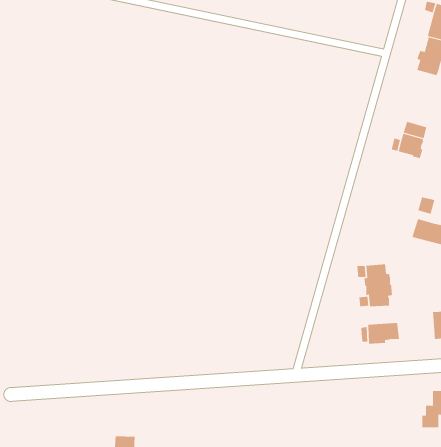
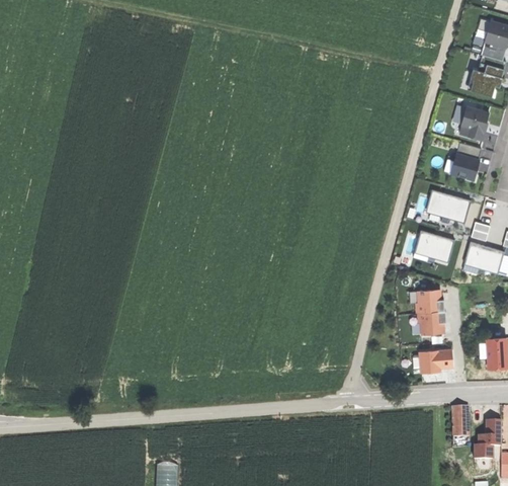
building: none -> [459,106,489,141]
building: none -> [426,189,471,222]
building: none -> [416,230,454,261]
building: none -> [453,407,469,436]

